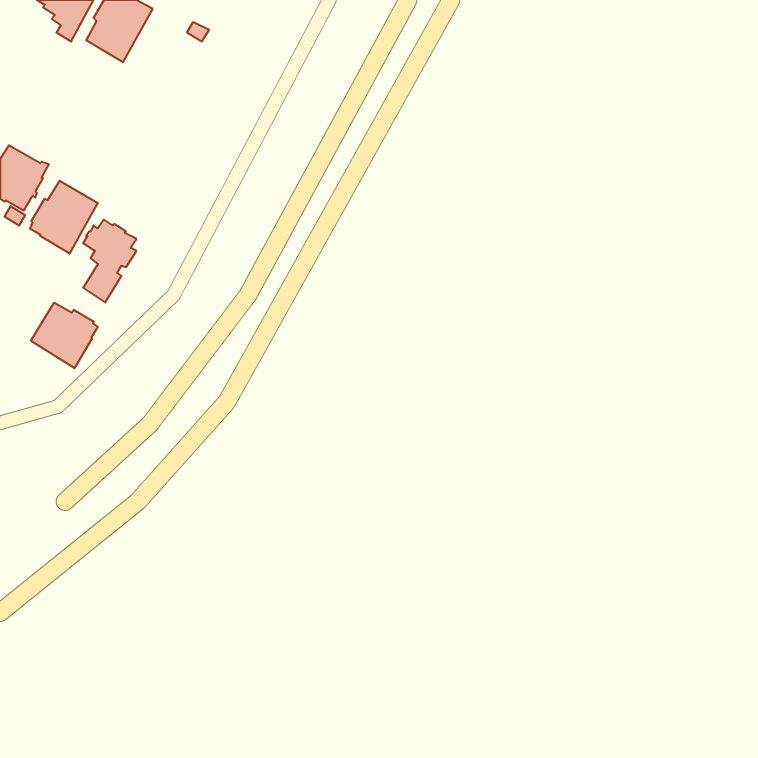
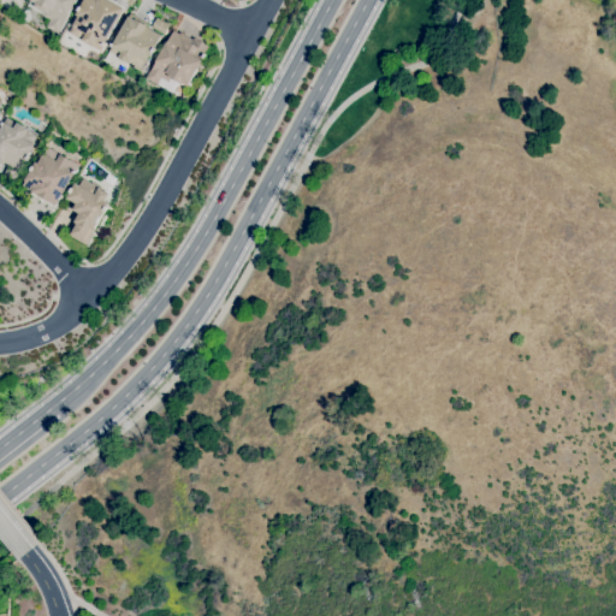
building: none -> [109,13,161,70]
building: none -> [144,30,211,85]
building: [31,303,98,368] -> none

